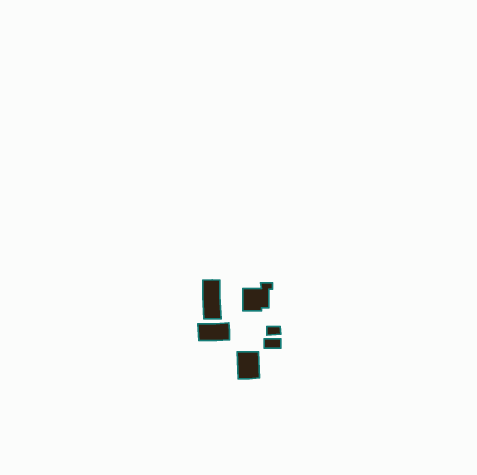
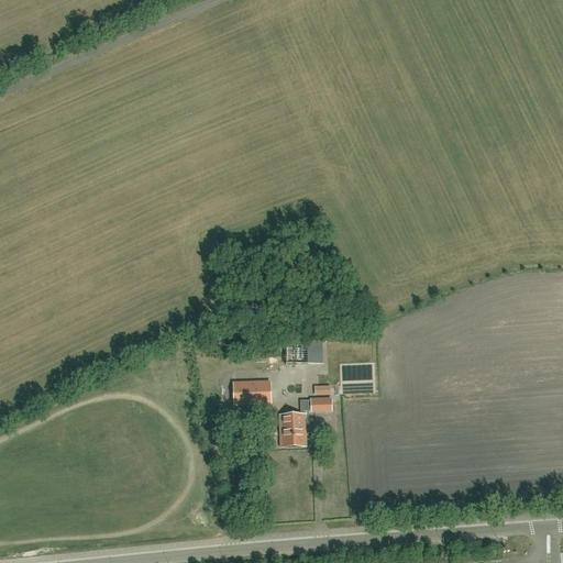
building: [203,280,221,319] -> none

